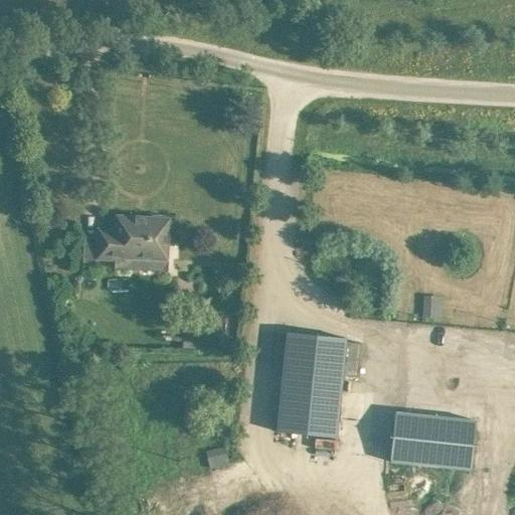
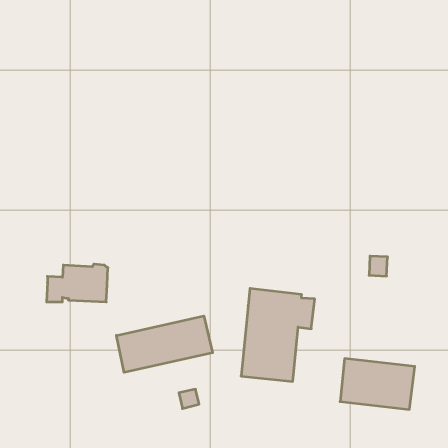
building: [98,215,168,259] -> [47,264,108,302]
building: none -> [116,316,213,372]

